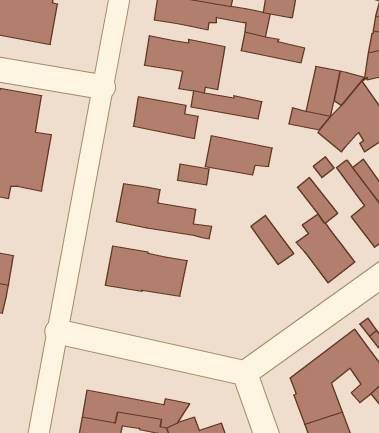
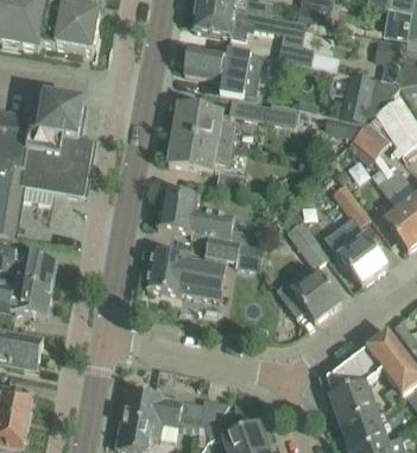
building: none -> [374,36,405,84]
building: [205,136,272,175] -> [168,132,233,170]
building: none -> [204,234,240,265]
building: none -> [276,270,341,321]

